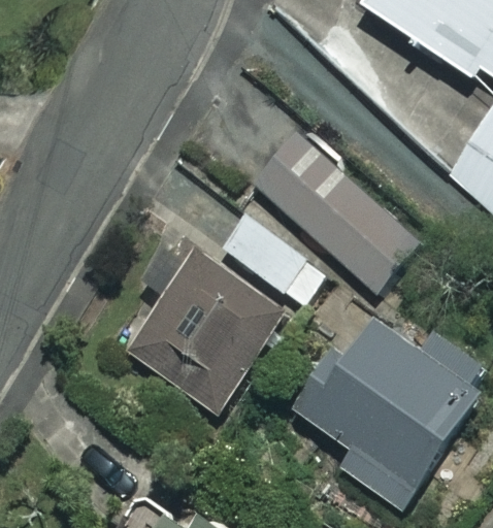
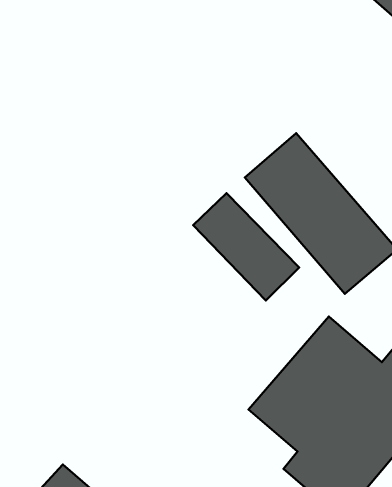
building: [129,255,284,412] -> none

